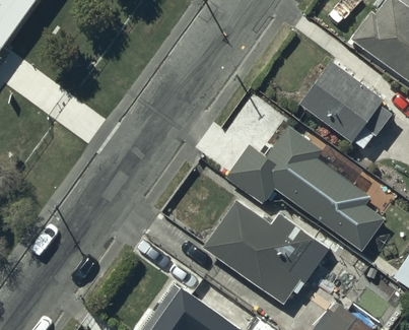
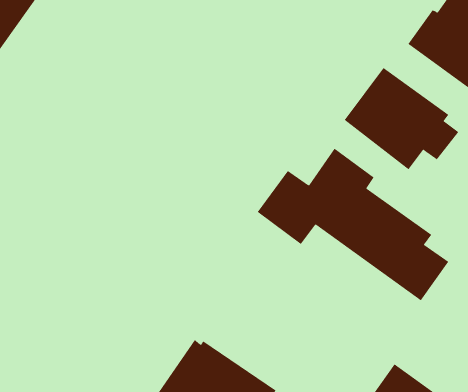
building: [201,197,315,304] -> none

